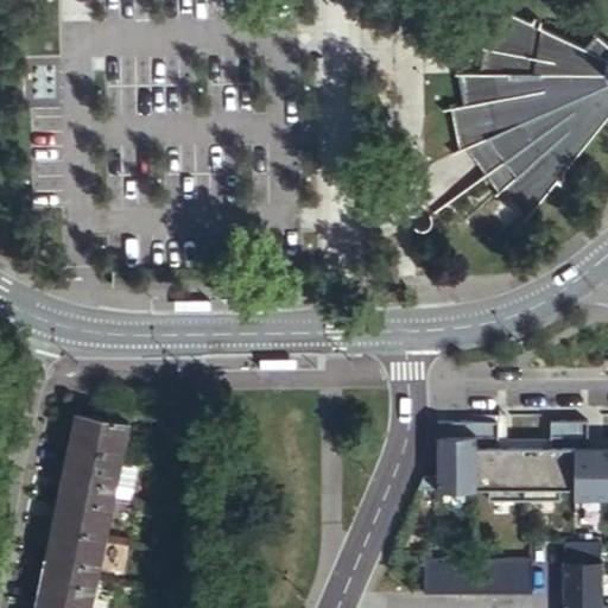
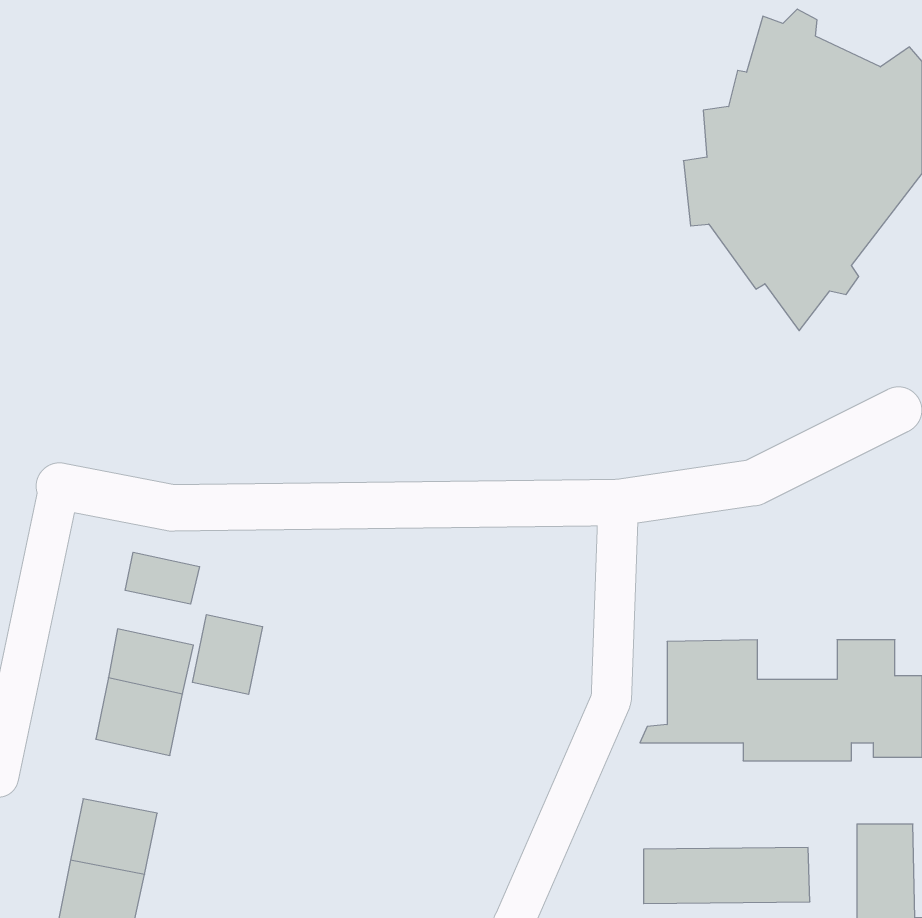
building: none -> [125,552,200,604]
building: none -> [192,615,263,694]
building: [55,489,112,538] -> none

